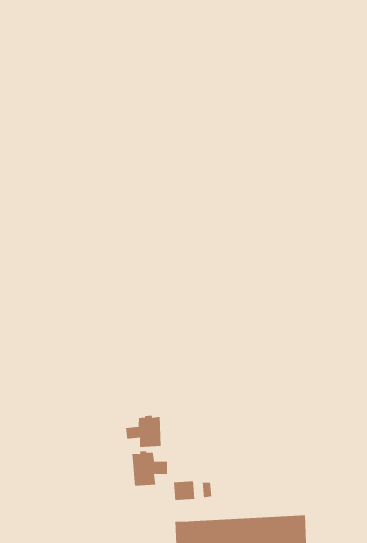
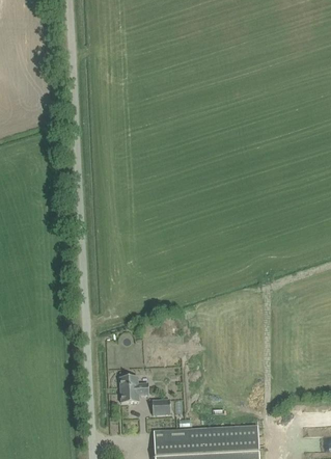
building: [125,415,161,448] -> none

